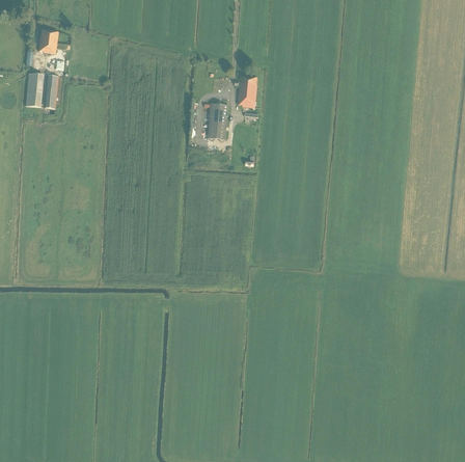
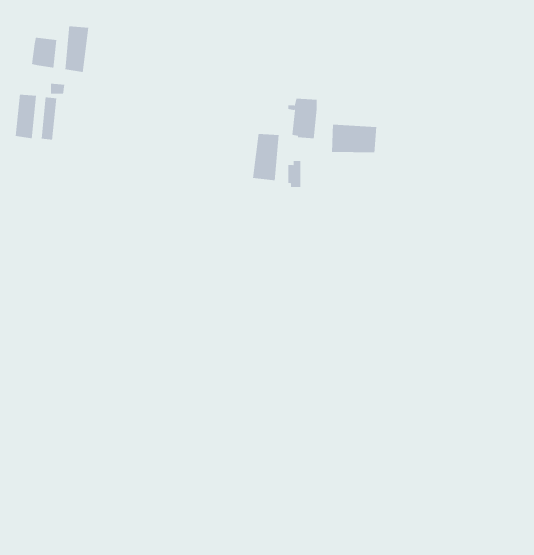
building: none -> [65,26,89,73]
building: none -> [331,124,377,153]

